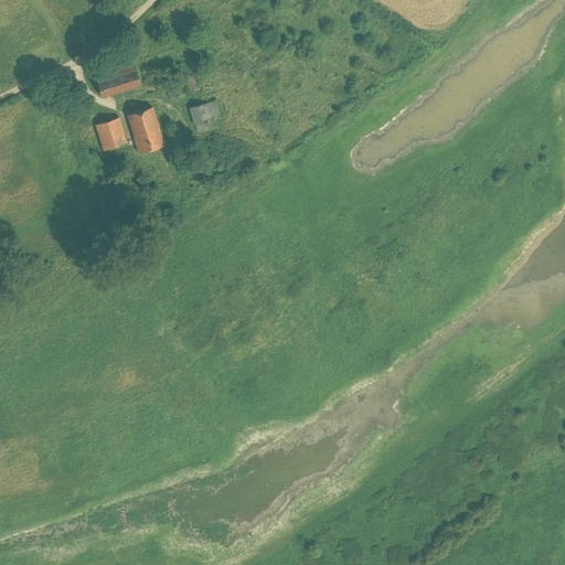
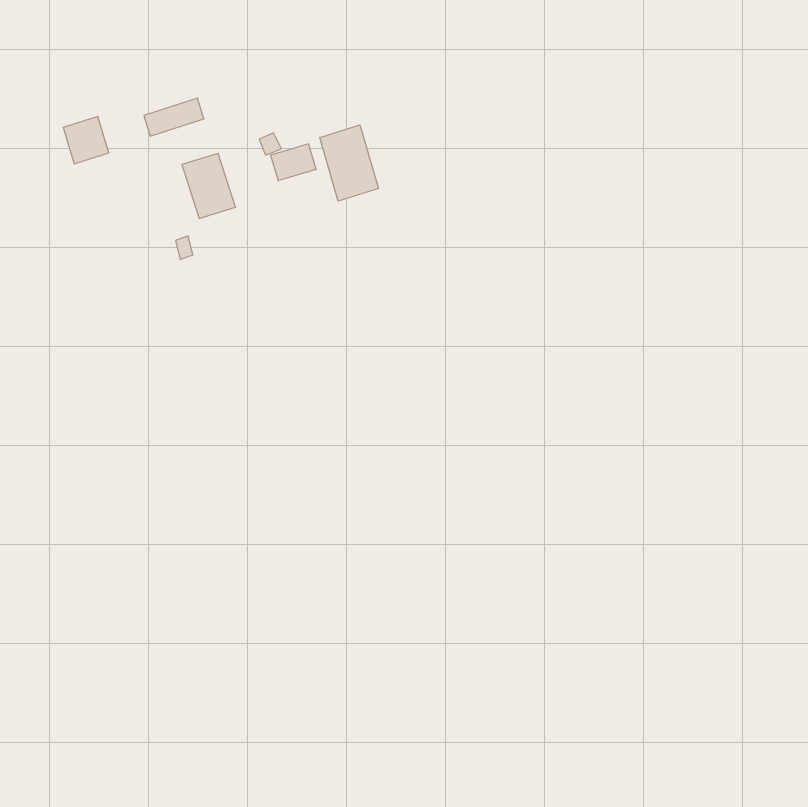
building: none -> [320,125,378,201]
building: [95,118,127,151] -> [63,116,109,164]

